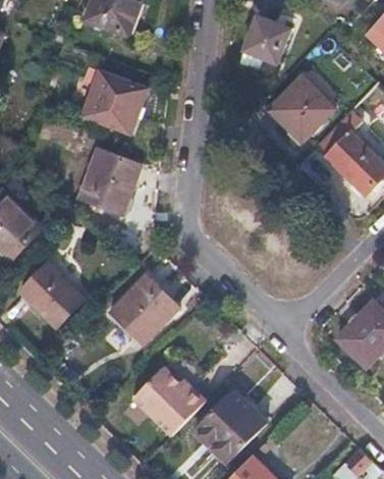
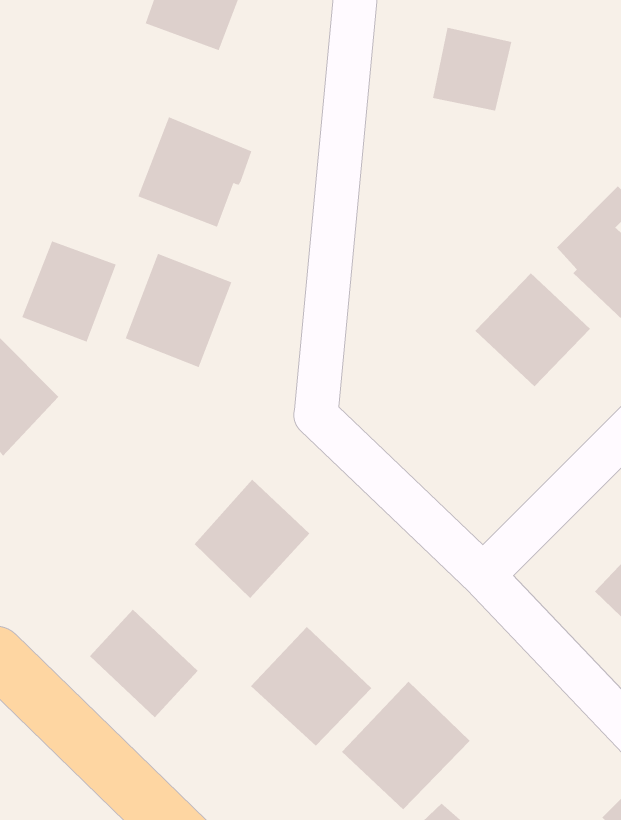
building: [267,77,332,142] -> [474,273,591,387]
building: none -> [21,241,117,342]
building: [21,263,83,324] -> [89,609,198,718]

